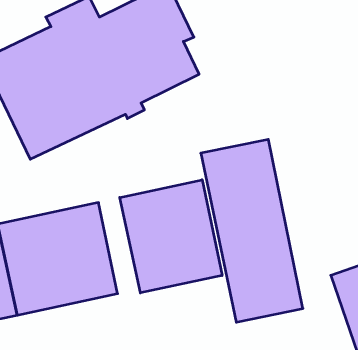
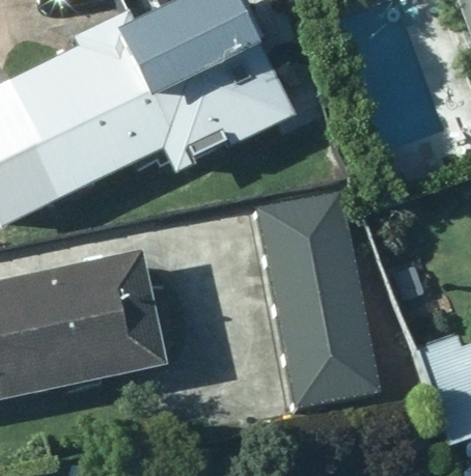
building: [120,180,222,293] -> none

